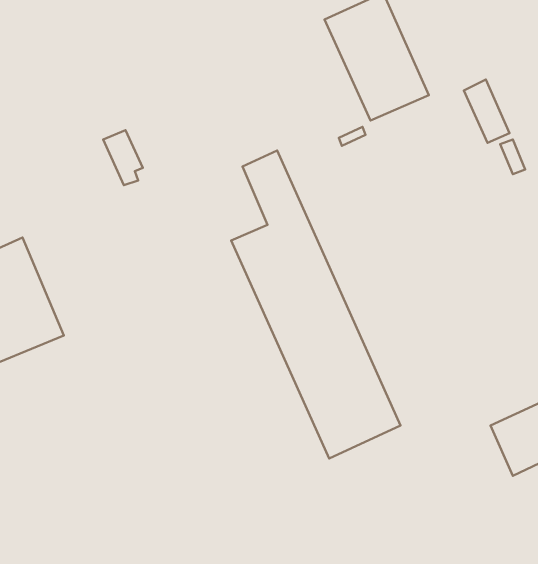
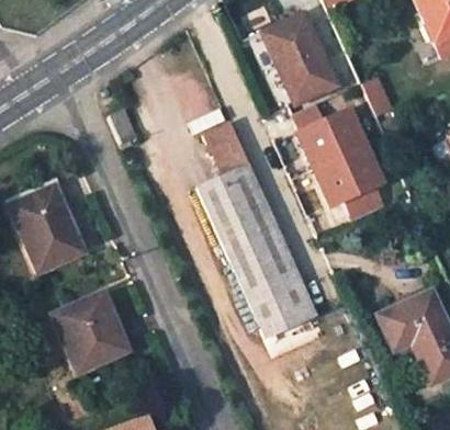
building: none -> [294,103,384,218]
building: none -> [54,294,127,371]

